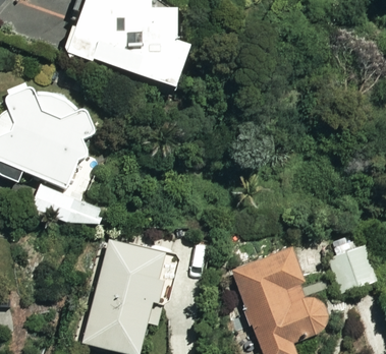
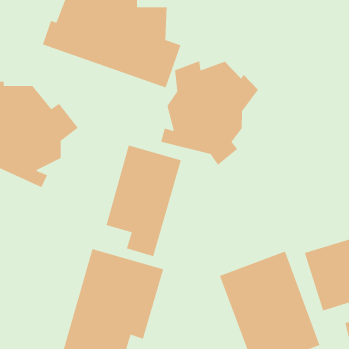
building: none -> [160,60,259,166]
building: none -> [105,144,182,257]

